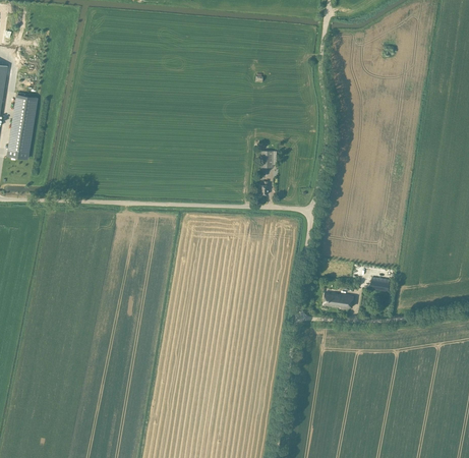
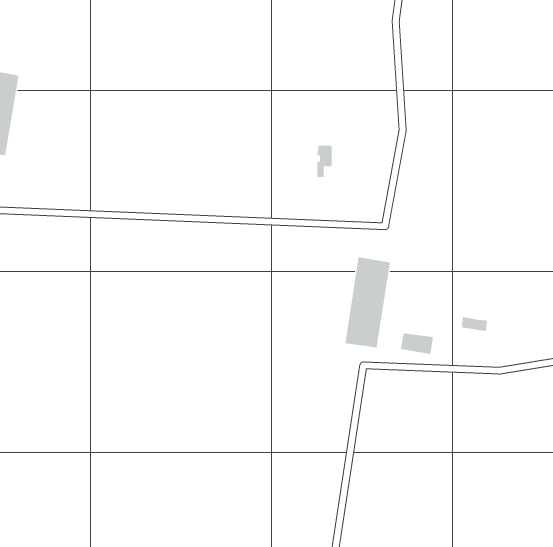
building: none -> [345,257,390,349]

